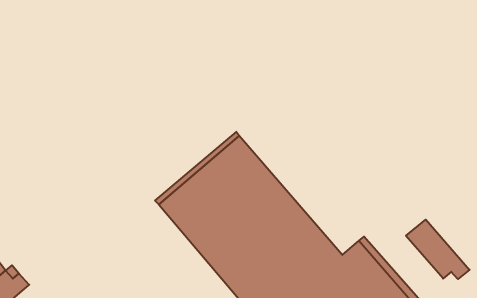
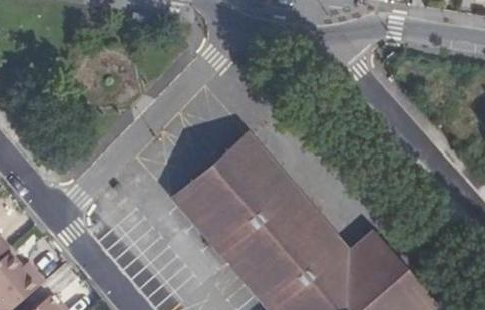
building: [406,220,470,279] -> none

